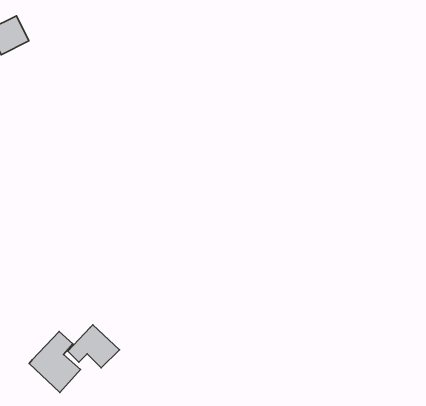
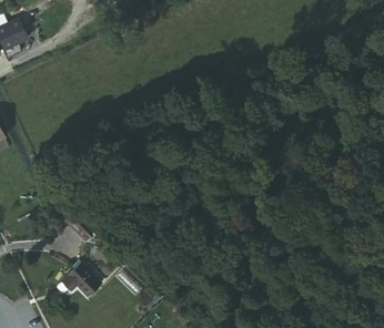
building: [29,332,80,392] -> none

